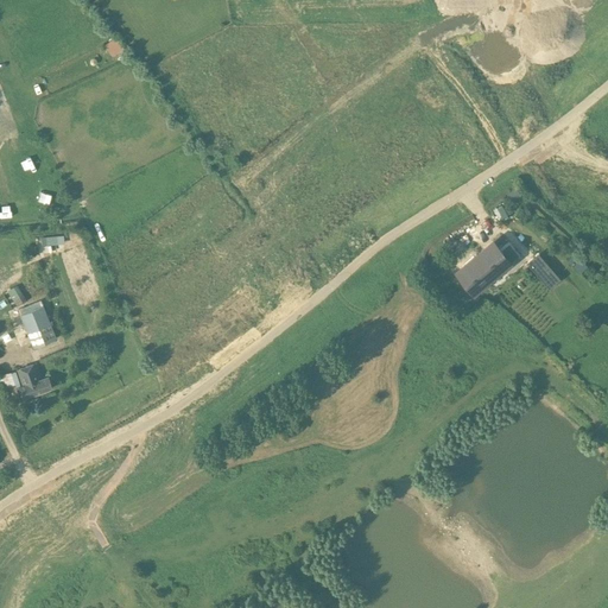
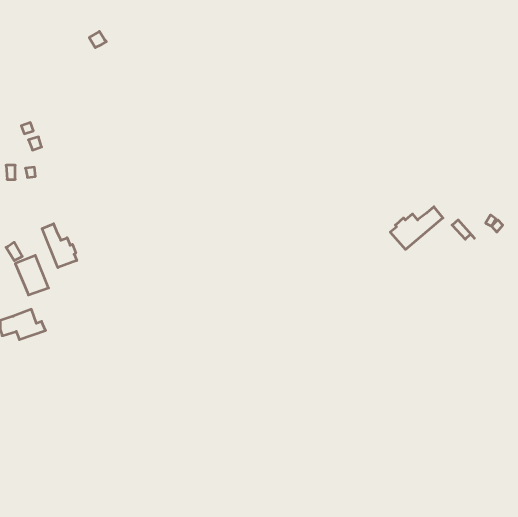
building: none -> [42,224,77,268]

